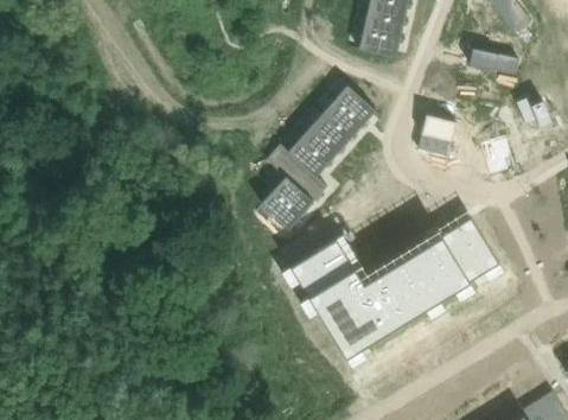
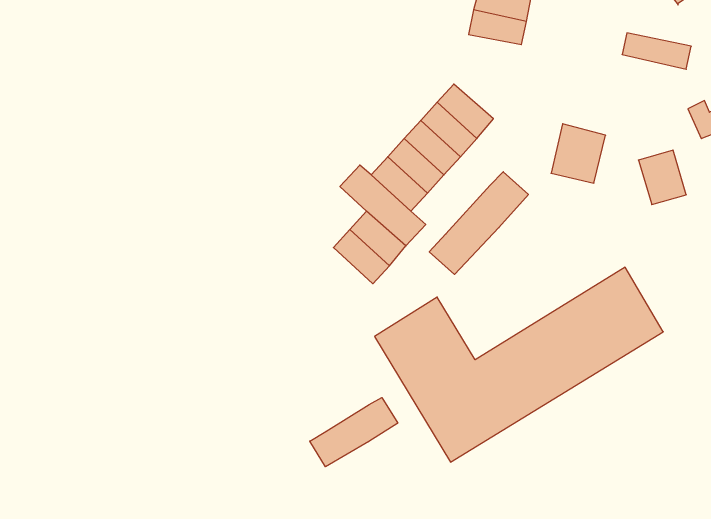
building: none -> [429,172,528,274]
building: none -> [310,398,398,467]

